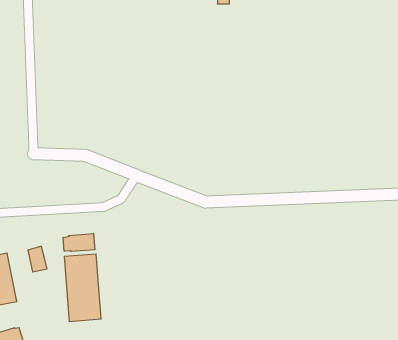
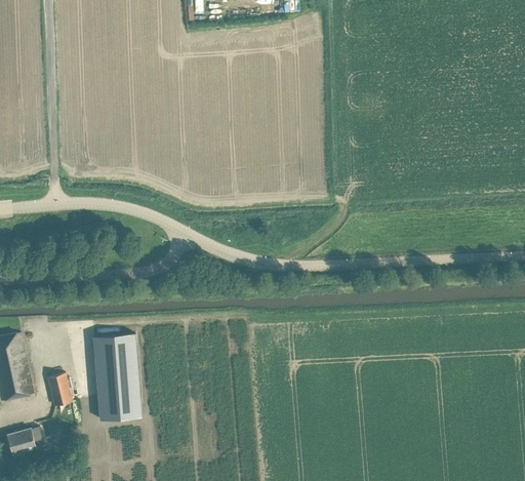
building: [63,233,95,252] -> none
building: [28,246,47,272] -> [47,372,72,405]

